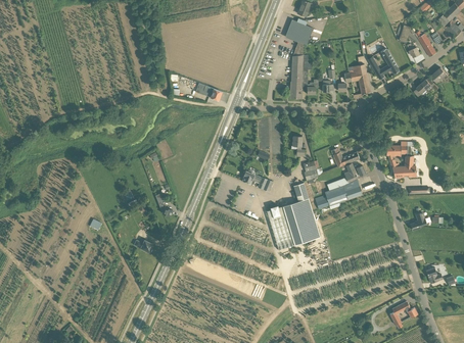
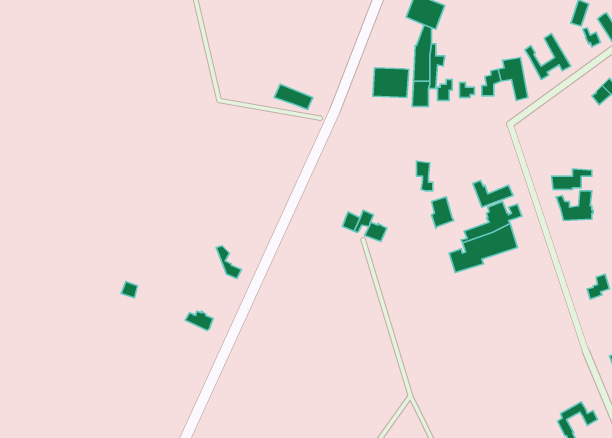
building: none -> [373,68,409,98]
building: [266,182,319,249] -> none

